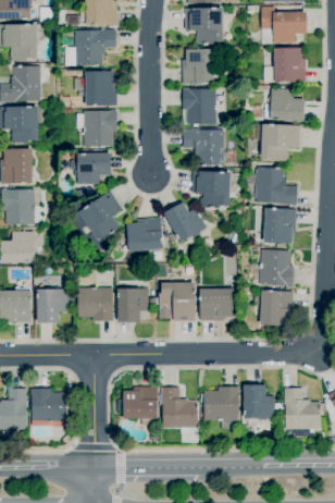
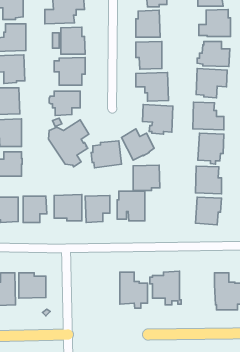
building: [200,287,235,320] -> [133,165,160,190]
building: [244,384,275,419] -> none
building: [117,385,158,424] -> none

